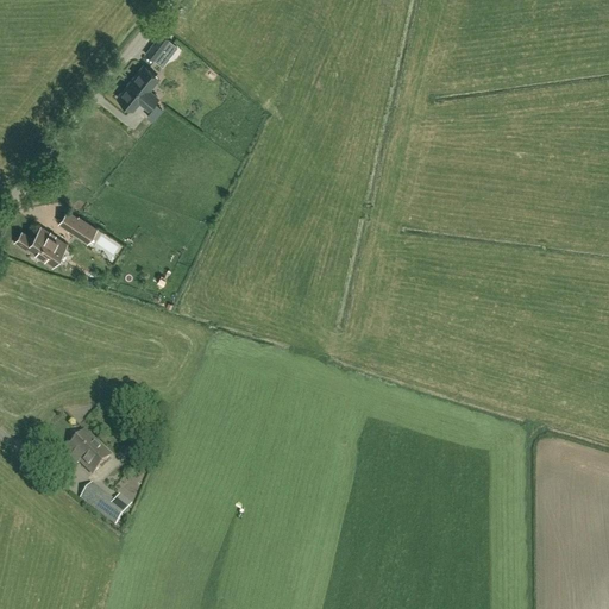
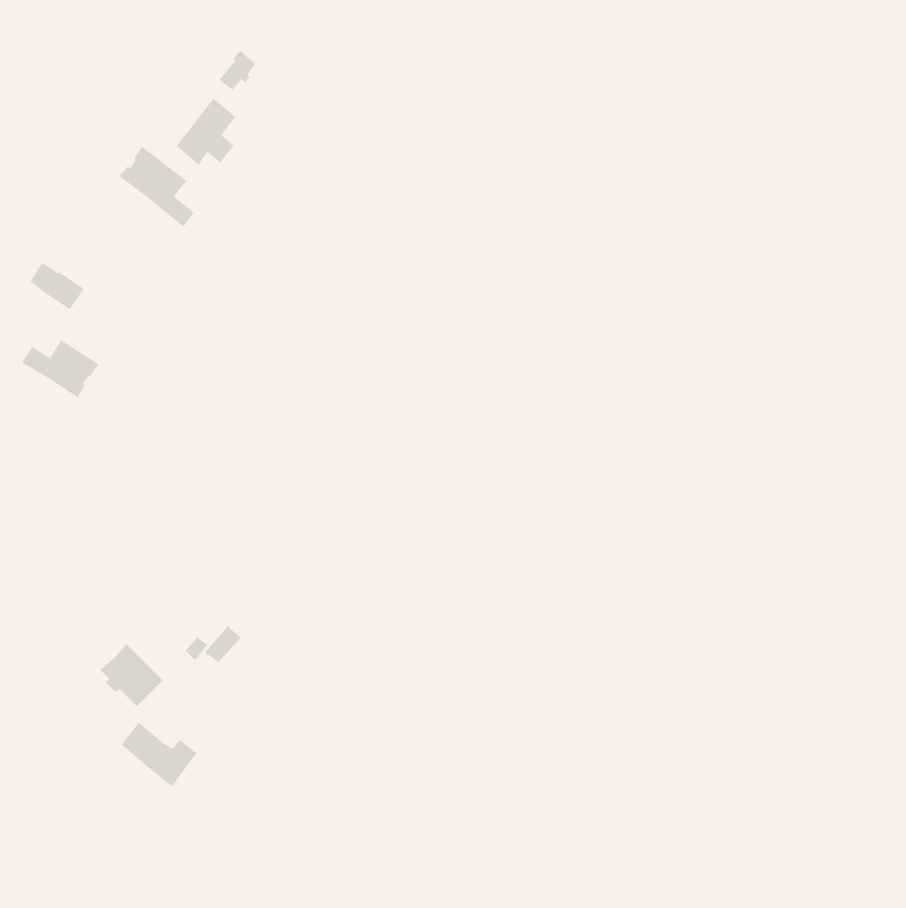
building: none -> [118,146,194,227]
building: [61,211,98,243] -> [29,262,84,310]

